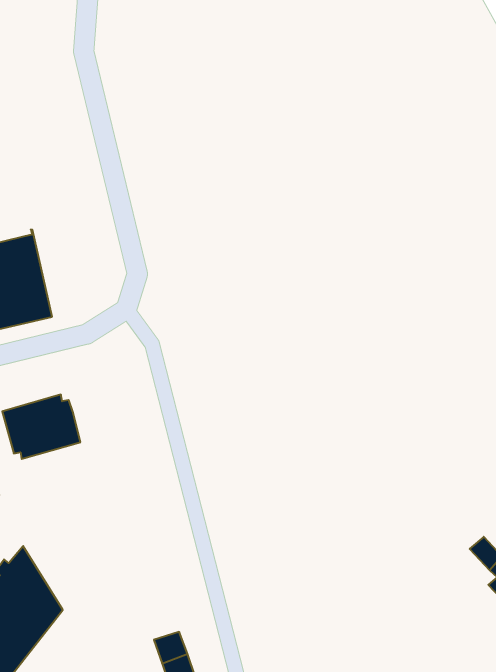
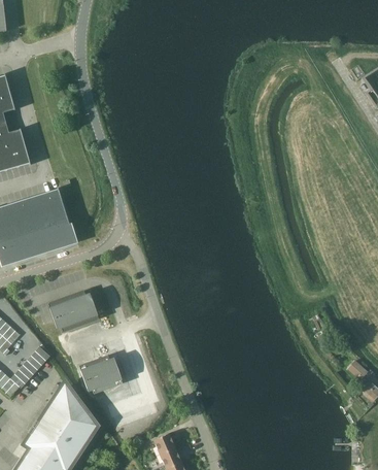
building: none -> [78,355,122,394]

